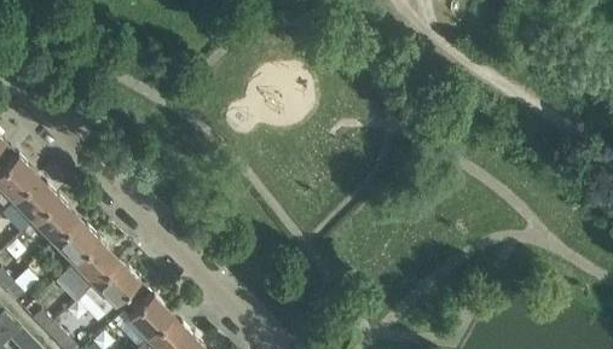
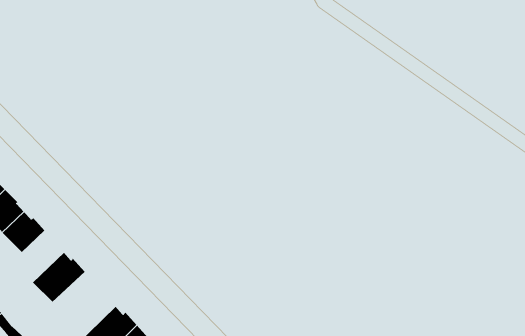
building: [65,239,117,292] -> none
building: [127,293,170,337] -> none

